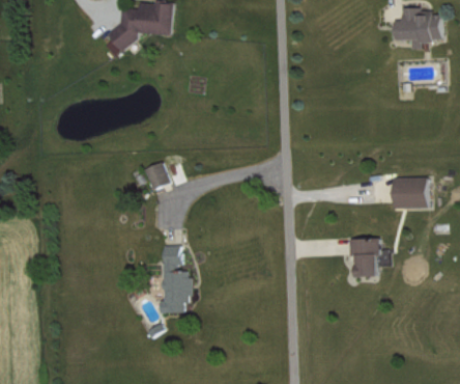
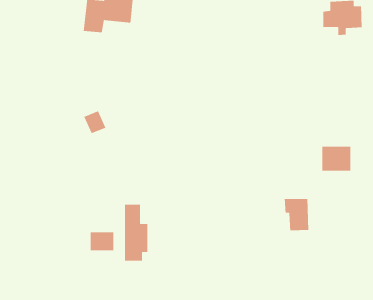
building: [145,163,172,191] -> [83,110,106,134]
building: none -> [90,232,114,251]

